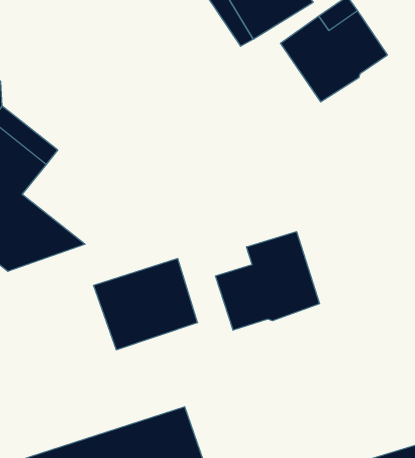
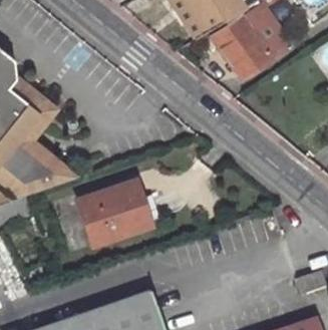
building: [215,232,320,330] -> none

